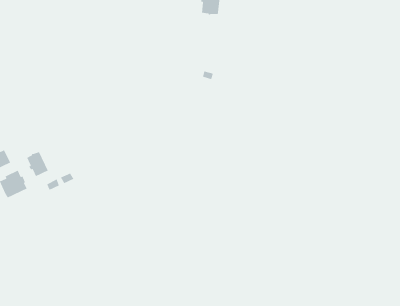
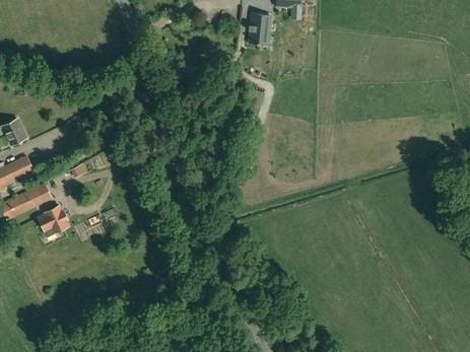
building: [26,151,49,177] -> none

